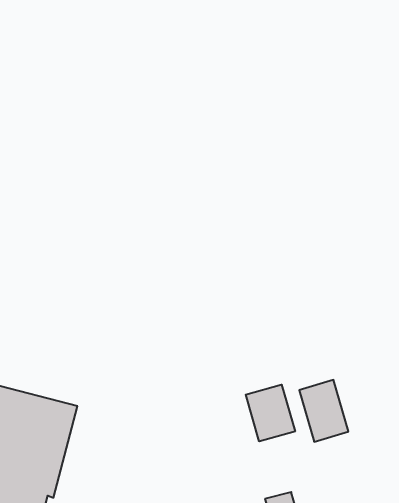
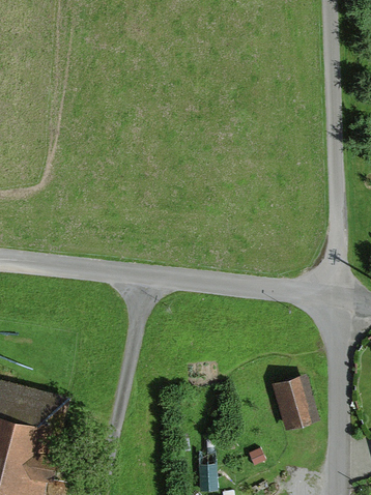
building: [246,385,295,441] -> none

